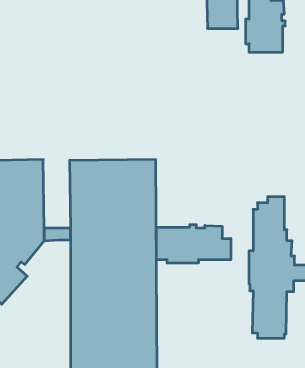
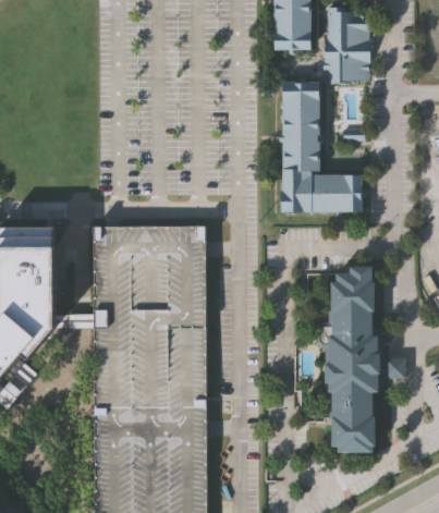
building: none -> [281,82,363,212]
building: [156,225,231,263] -> none

